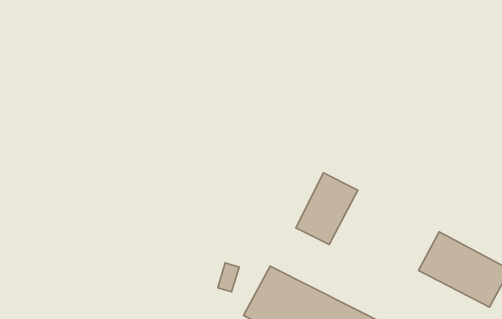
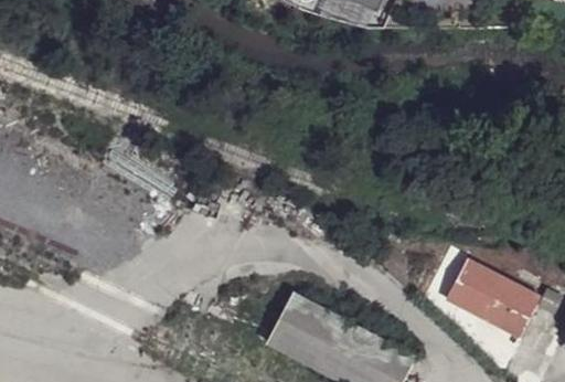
building: [296,173,358,244] -> none

